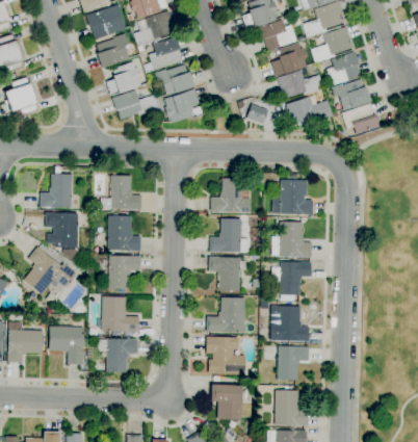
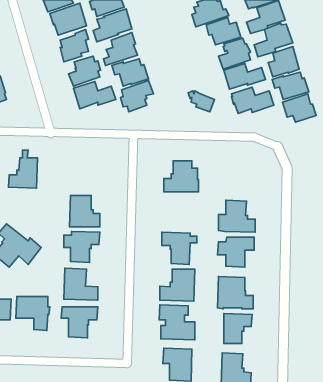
building: [280,174,313,215] -> none
building: [100,176,141,210] -> none
building: [45,213,78,249] -> none
building: [209,219,249,253] -> none

